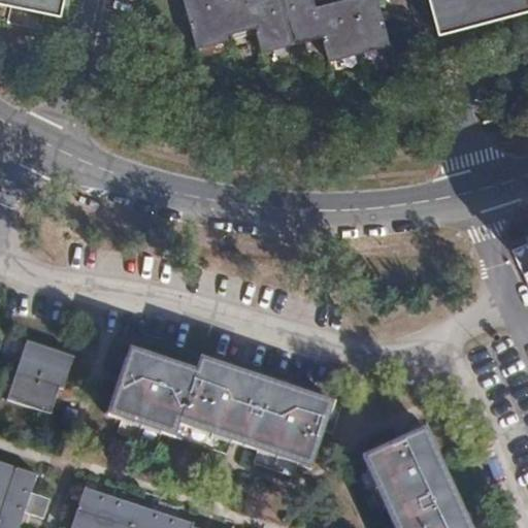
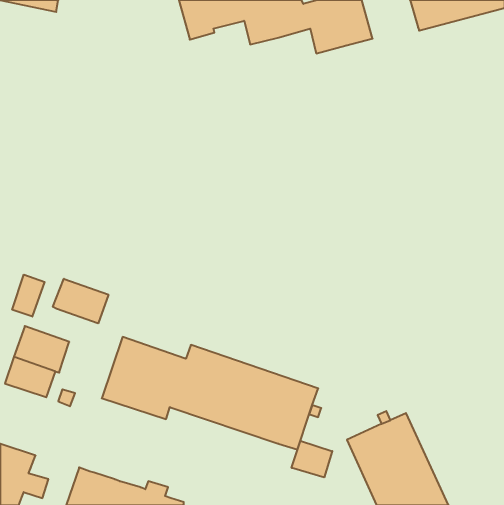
building: none -> [12,275,45,317]
building: none -> [53,279,108,323]
building: none -> [292,441,332,477]

